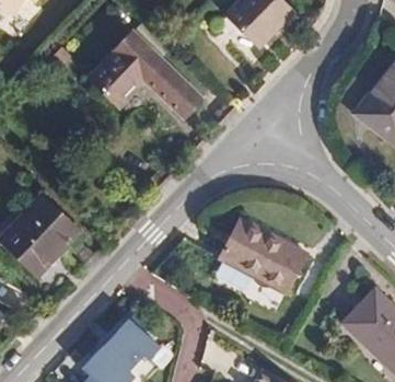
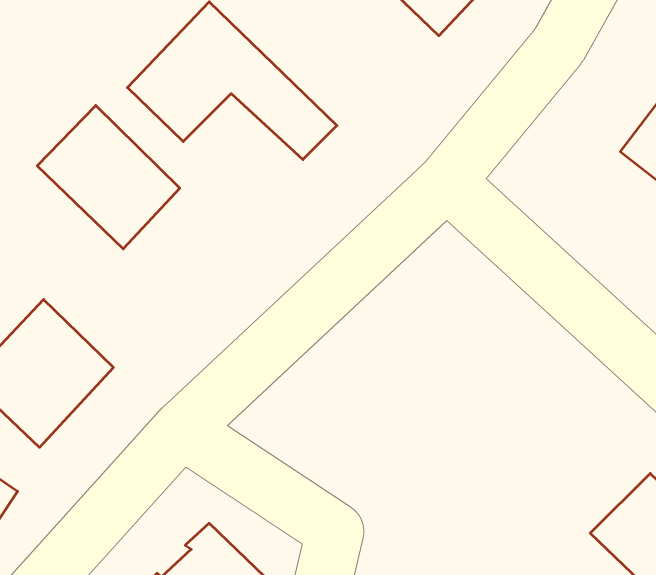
building: none -> [37,105,180,249]
building: [219,218,306,293] -> none

